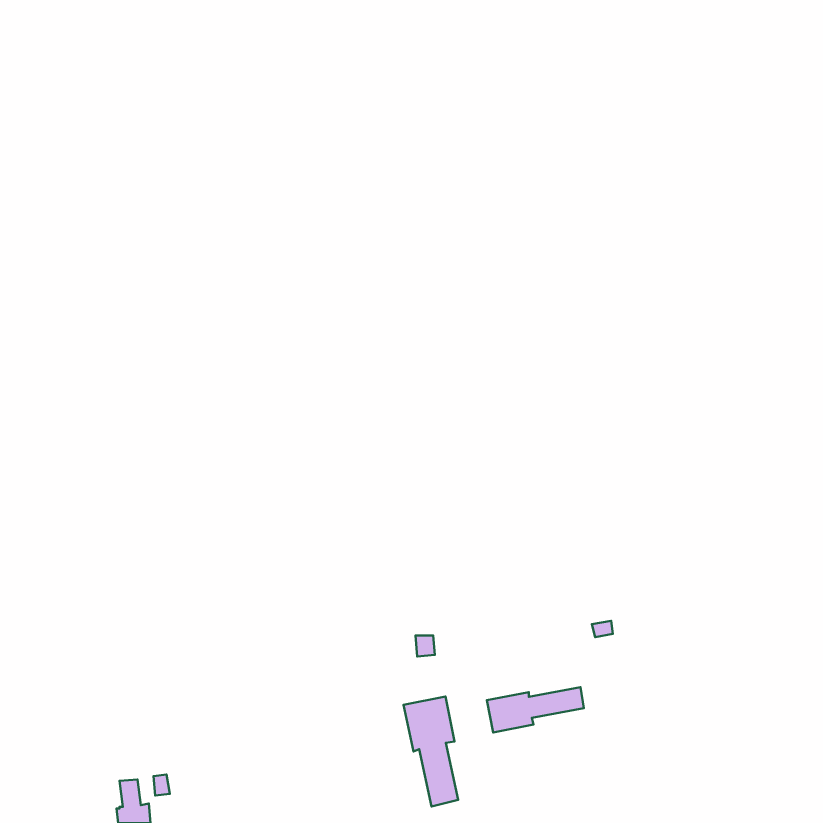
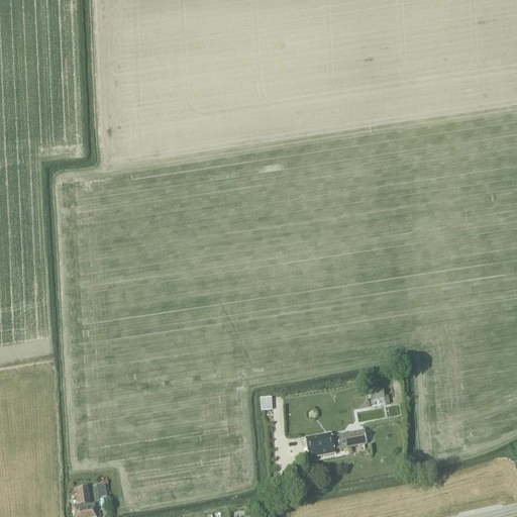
building: [404,696,458,806] -> none

